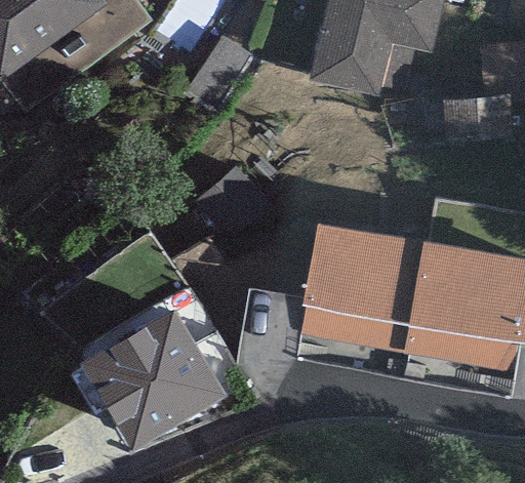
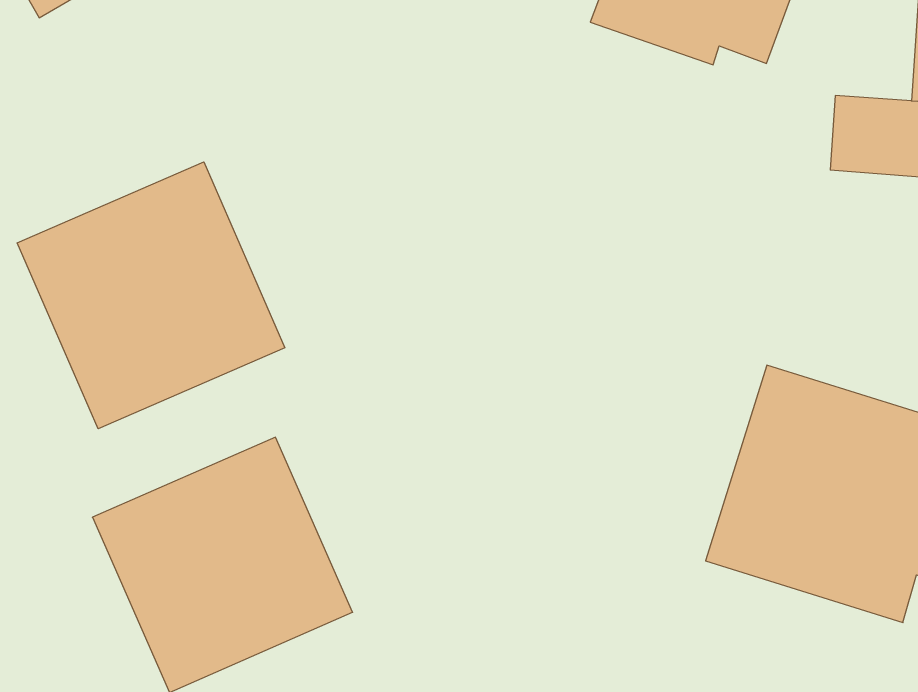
building: none -> [17,162,285,429]
building: [301,224,425,350] -> none

